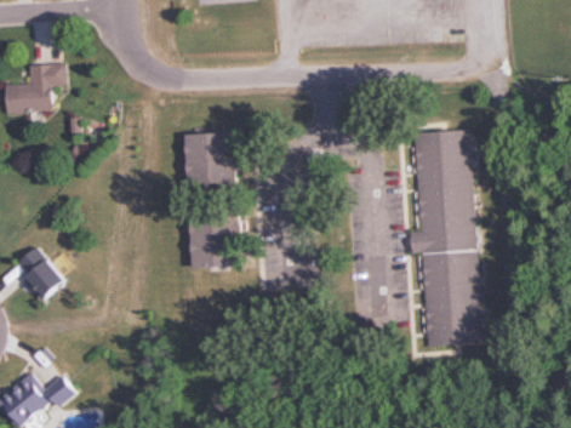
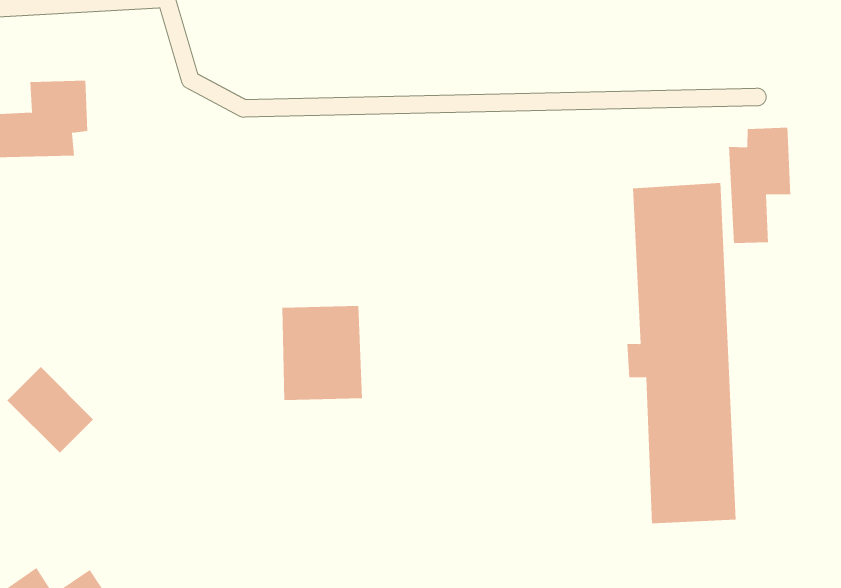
building: none -> [729,127,791,244]
building: [184,131,239,186] -> none

